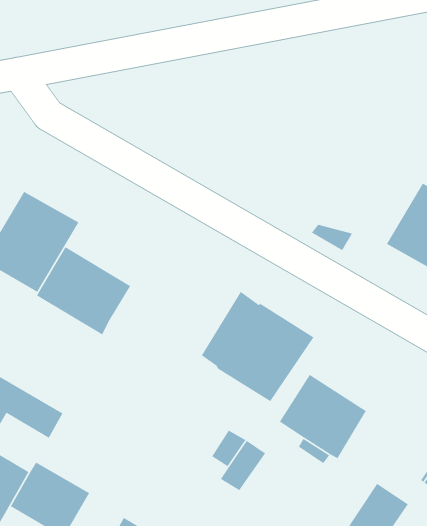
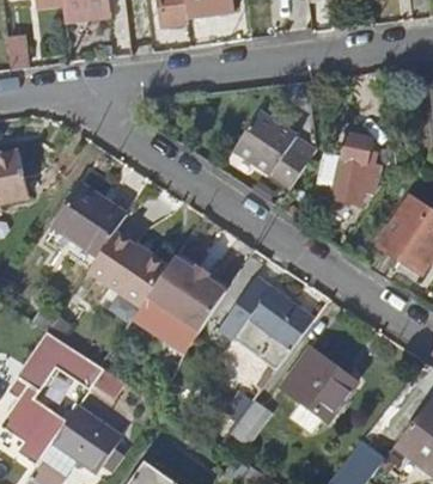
building: none -> [234,111,317,188]
building: none -> [324,134,398,204]
building: none -> [134,252,224,345]

